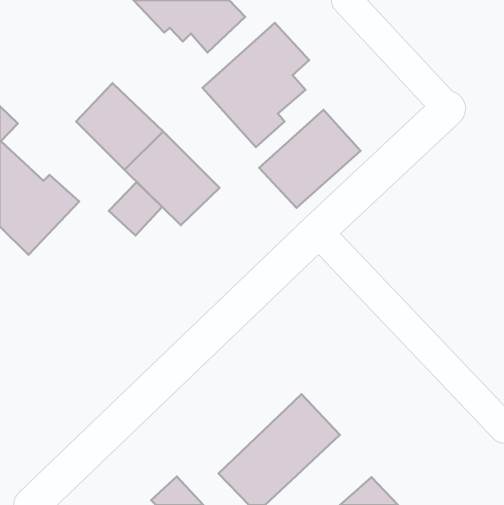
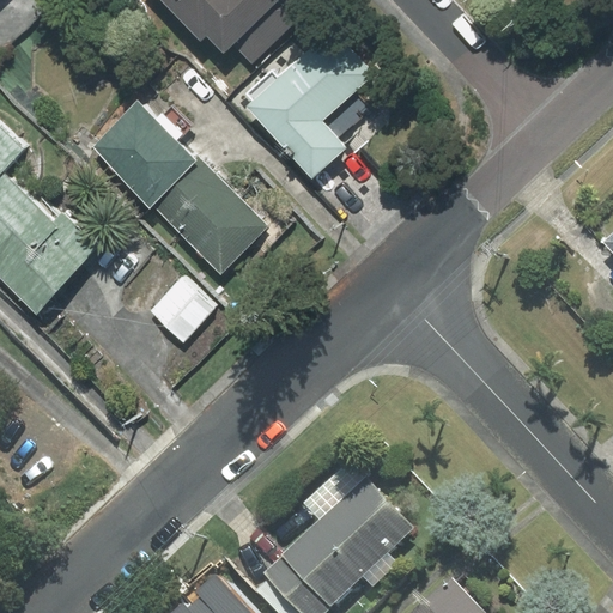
building: [259,110,361,208] -> none
building: [109,182,162,236] -> [150,277,214,341]

